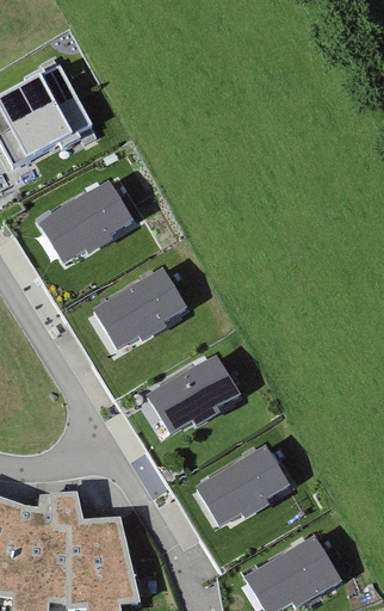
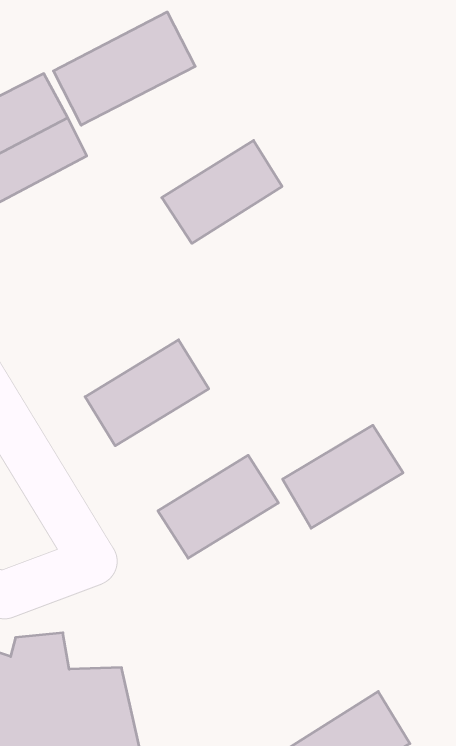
building: none -> [53,12,195,125]
building: [41,185,131,263] -> [162,140,282,243]
building: [198,446,289,524] -> [283,425,403,528]

